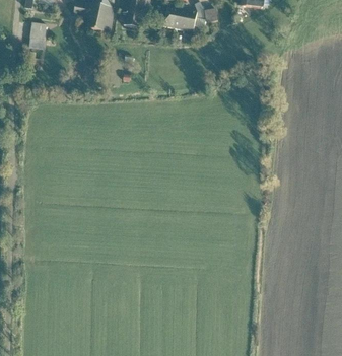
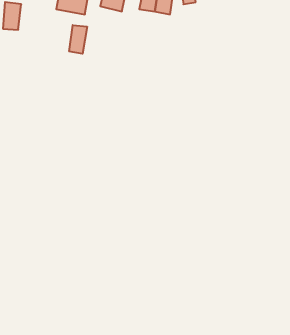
building: none -> [69,25,87,54]

